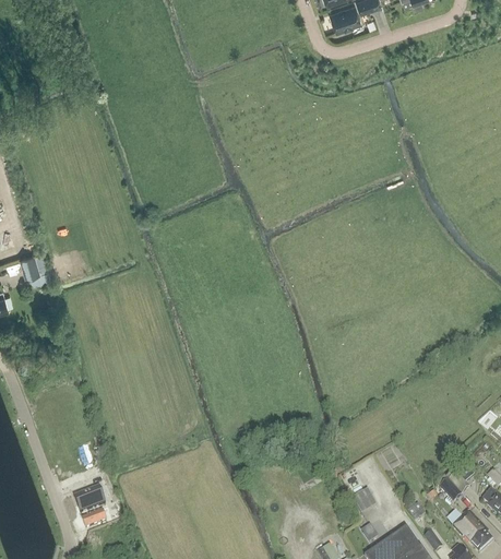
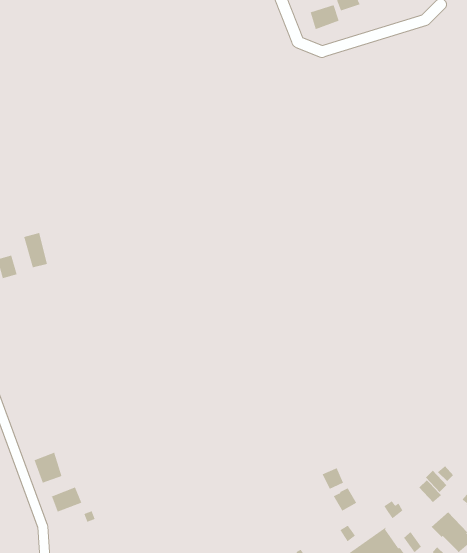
building: none -> [24,232,47,268]
building: none -> [34,452,62,483]

